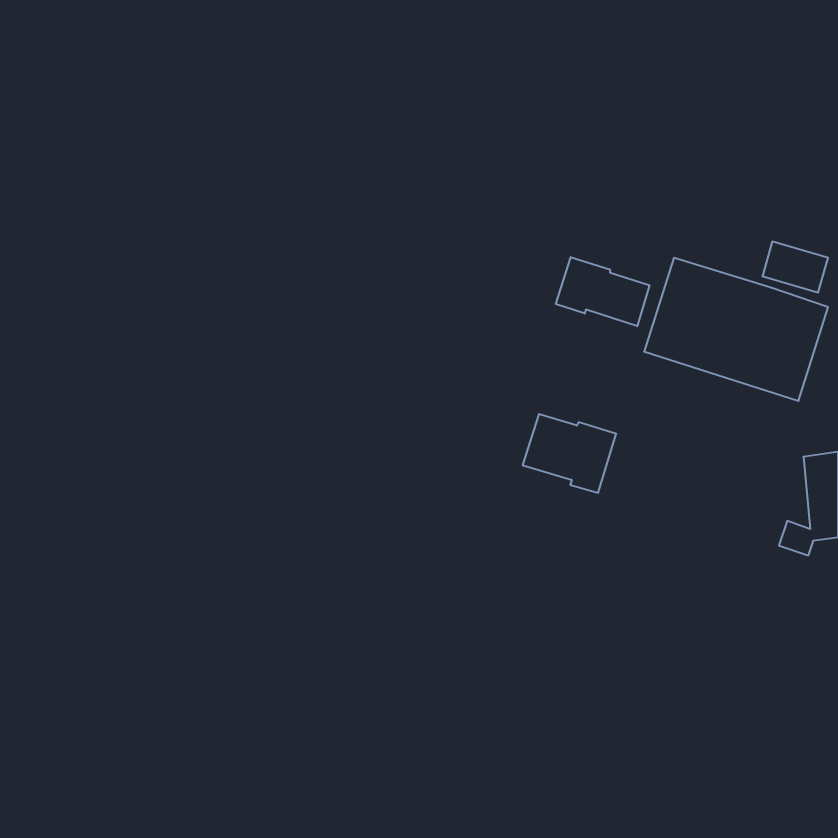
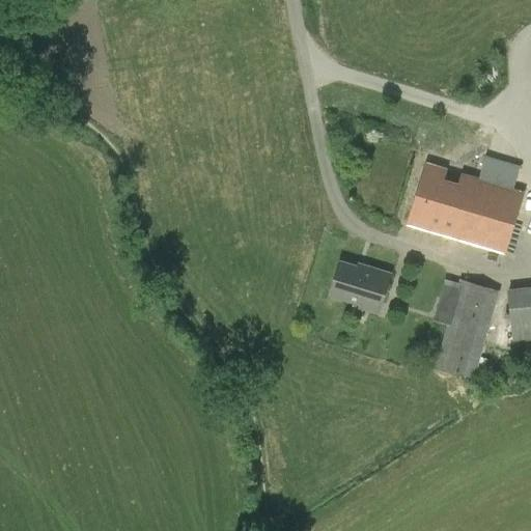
building: [556,257,649,326] -> none
building: none -> [432,278,499,376]

